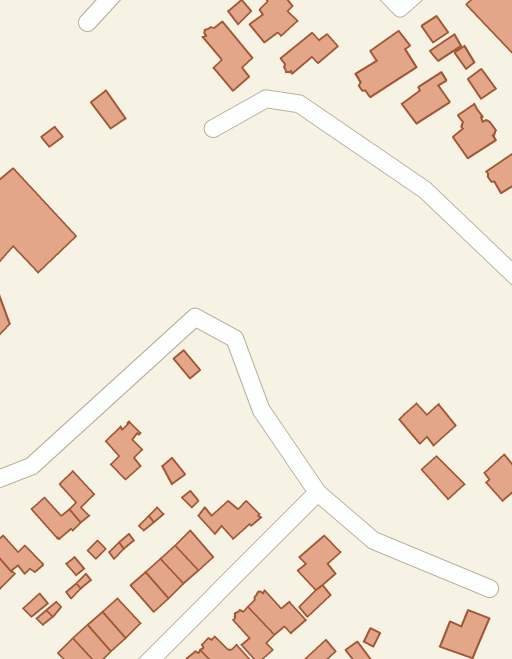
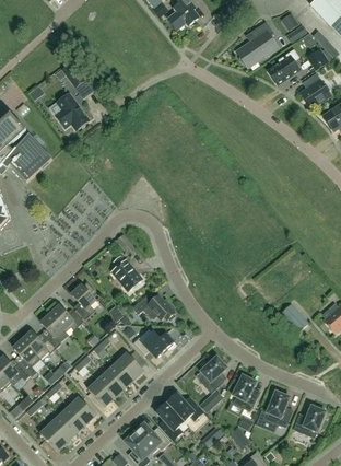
building: [202,22,252,91] -> none
building: [281,33,338,74] -> none
building: none -> [50,92,90,129]
building: none -> [111,255,143,291]
building: [399,403,456,446] -> none
building: none -> [133,293,175,319]
building: none -> [50,303,84,331]
building: none -> [13,338,40,376]
building: none -> [233,374,258,410]
building: none -> [256,391,293,427]

